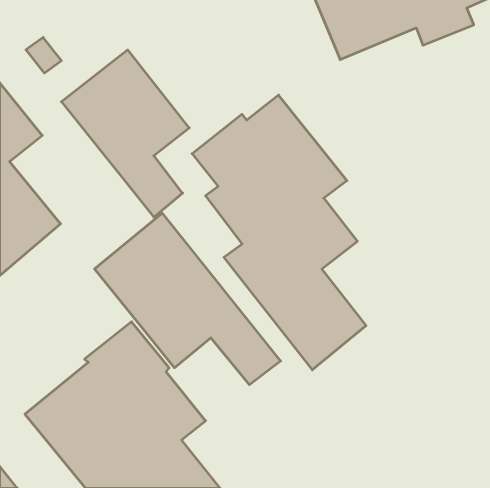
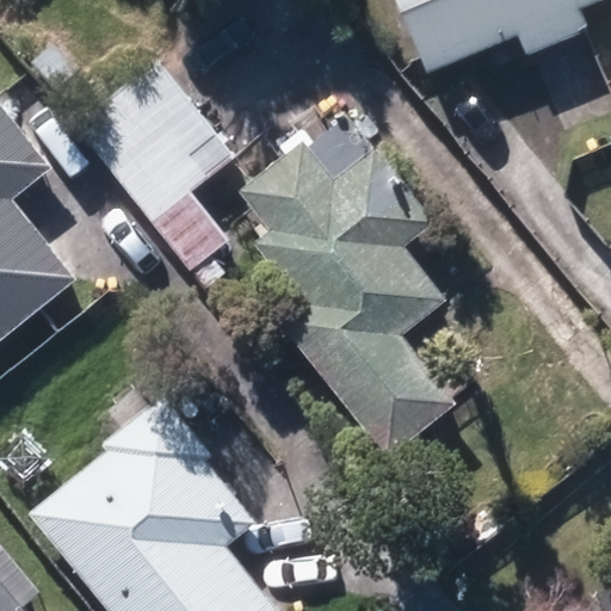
building: [95,213,281,385] -> none

